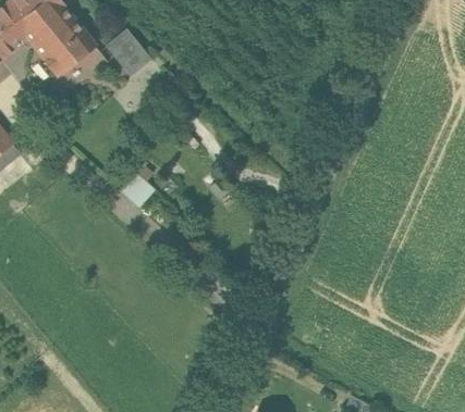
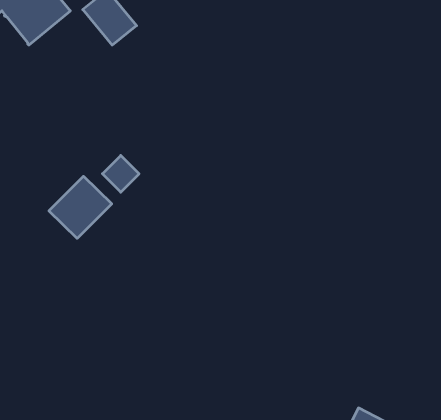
building: none -> [49,176,112,238]

